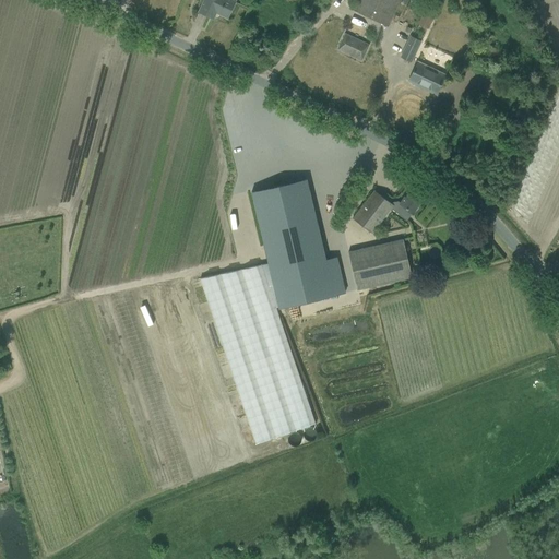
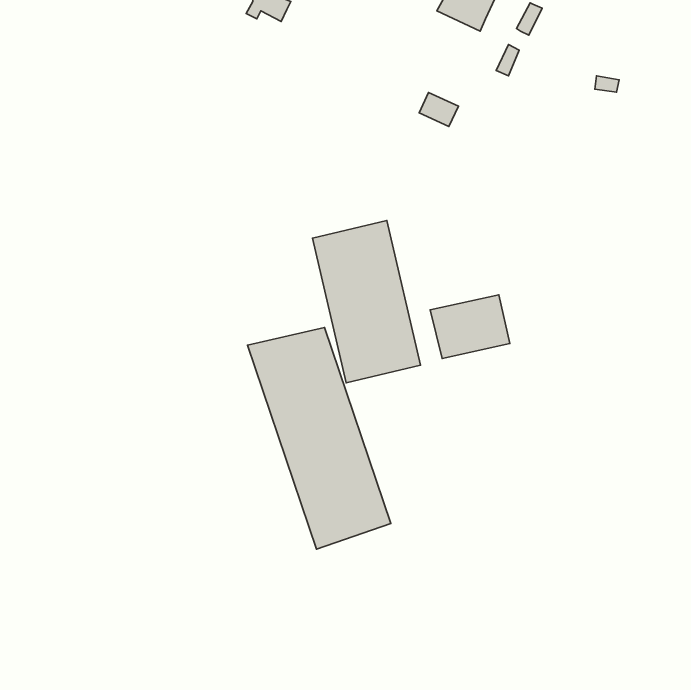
building: [337,33,369,60] -> [419,93,458,126]
building: [408,62,444,93] -> none
building: [353,190,423,233] -> none

